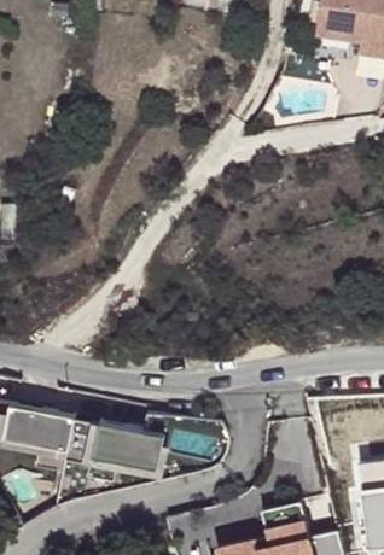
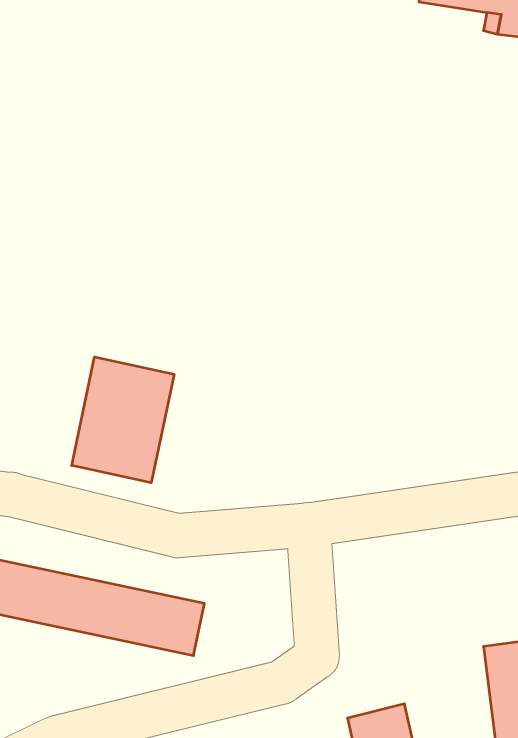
building: none -> [72,357,174,483]

